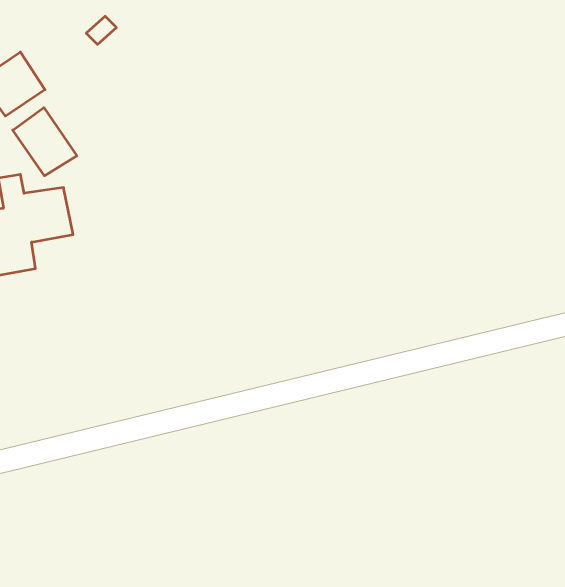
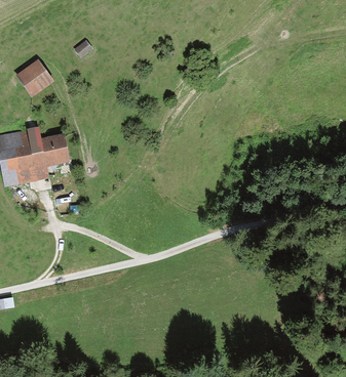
building: [13,108,77,176] -> none

